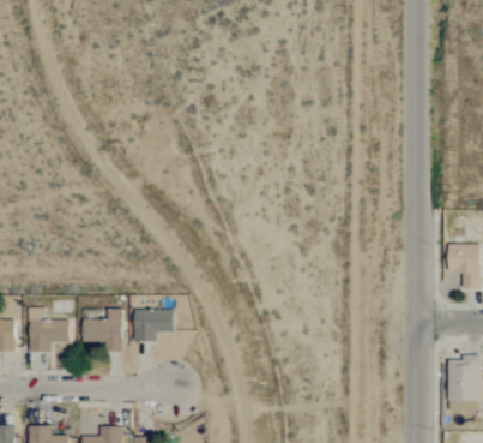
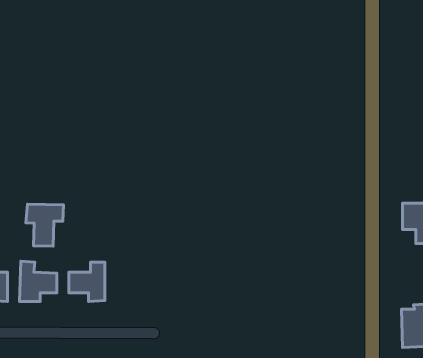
building: none -> [26,204,63,246]
building: [134,309,175,341] -> none

